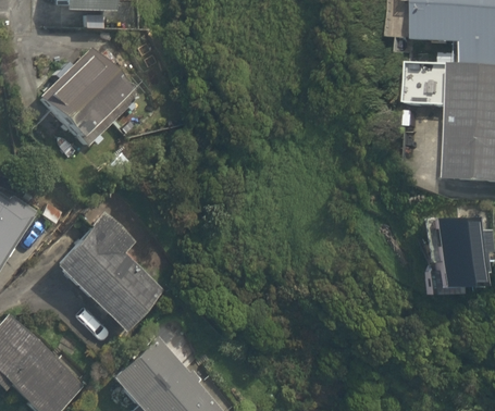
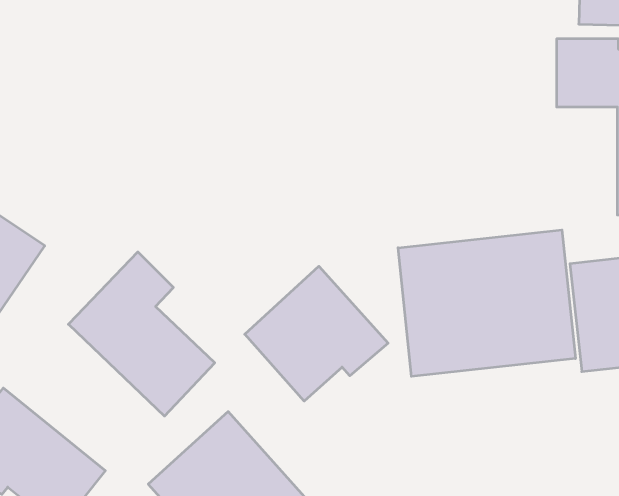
building: [38,40,134,136] -> none
building: none -> [398,230,575,376]
building: none -> [245,266,388,401]

